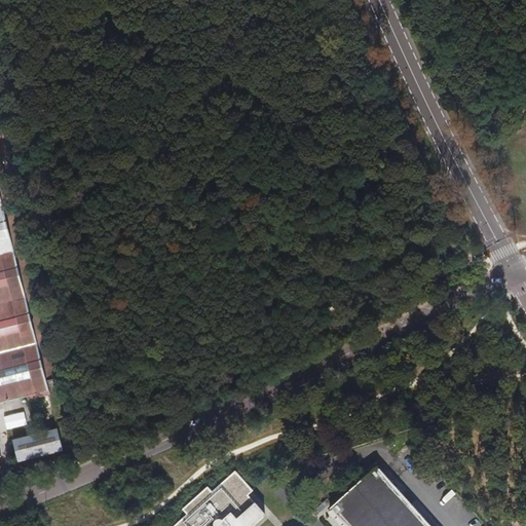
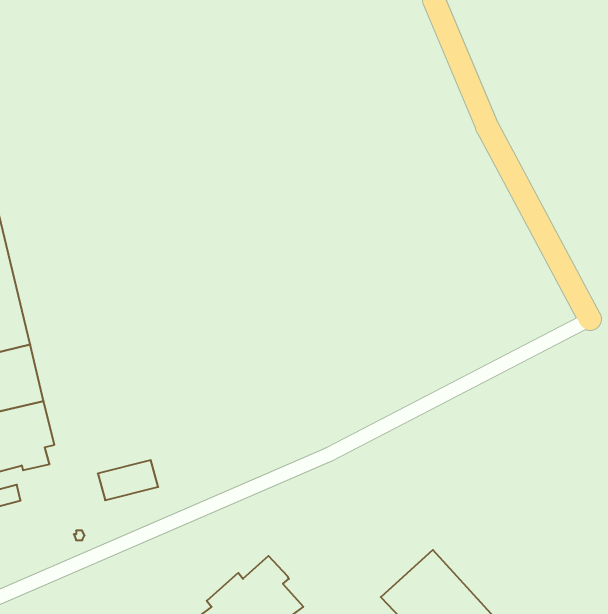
building: [4,430,55,464] -> [98,460,158,500]

